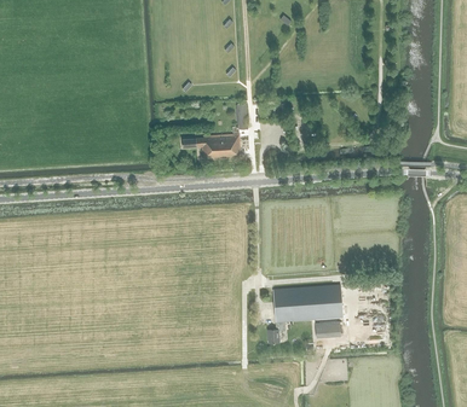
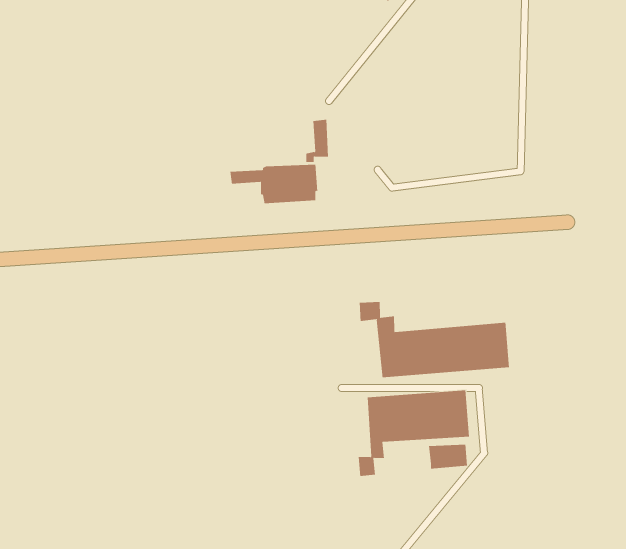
building: none -> [359,301,509,378]

